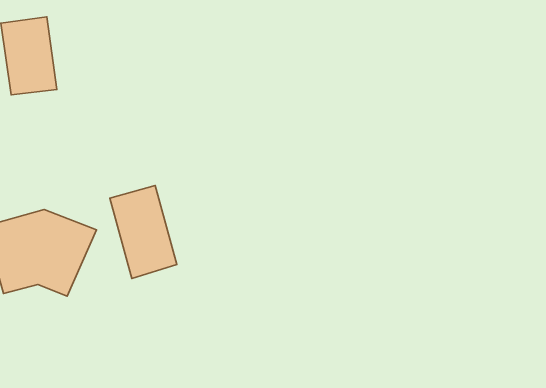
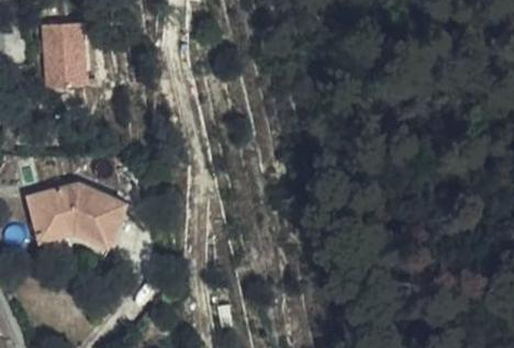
building: [110,185,177,279] -> none

